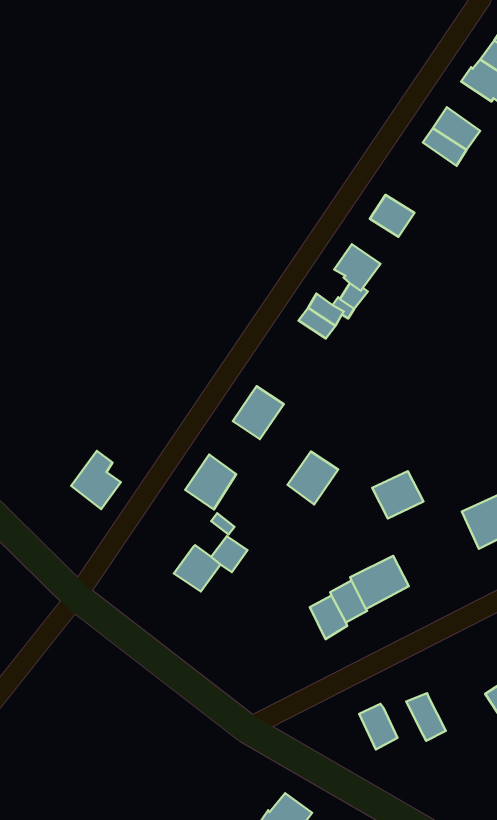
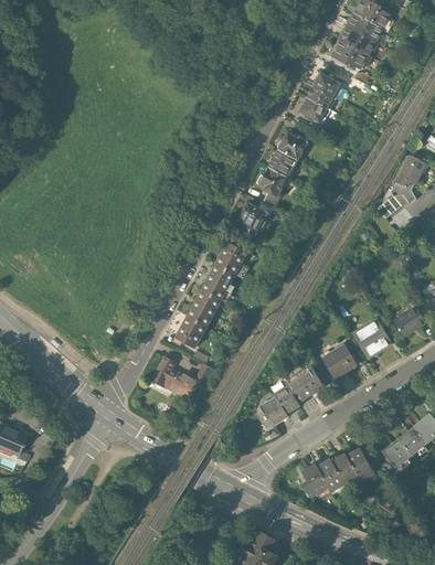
building: none -> [297,97,329,125]
building: none -> [266,150,296,179]
building: none -> [213,242,245,276]
building: [71,451,121,509] -> [150,355,182,393]
building: [287,452,338,505] -> [187,290,219,324]
building: [372,471,423,518] -> [321,345,356,377]
building: none -> [344,448,374,481]
building: none -> [316,459,343,491]

